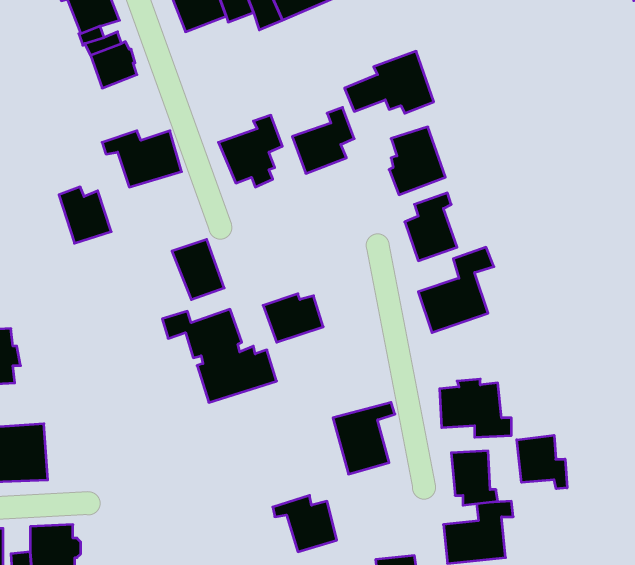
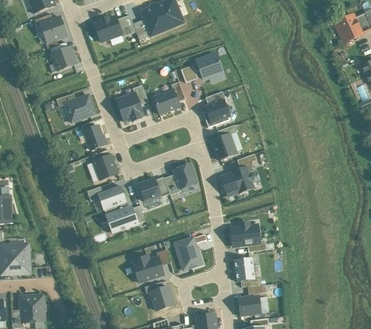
building: [59,187,111,243] -> [83,120,110,149]
building: none -> [166,163,200,193]
building: none -> [132,248,175,282]
building: [517,435,567,489] -> none

